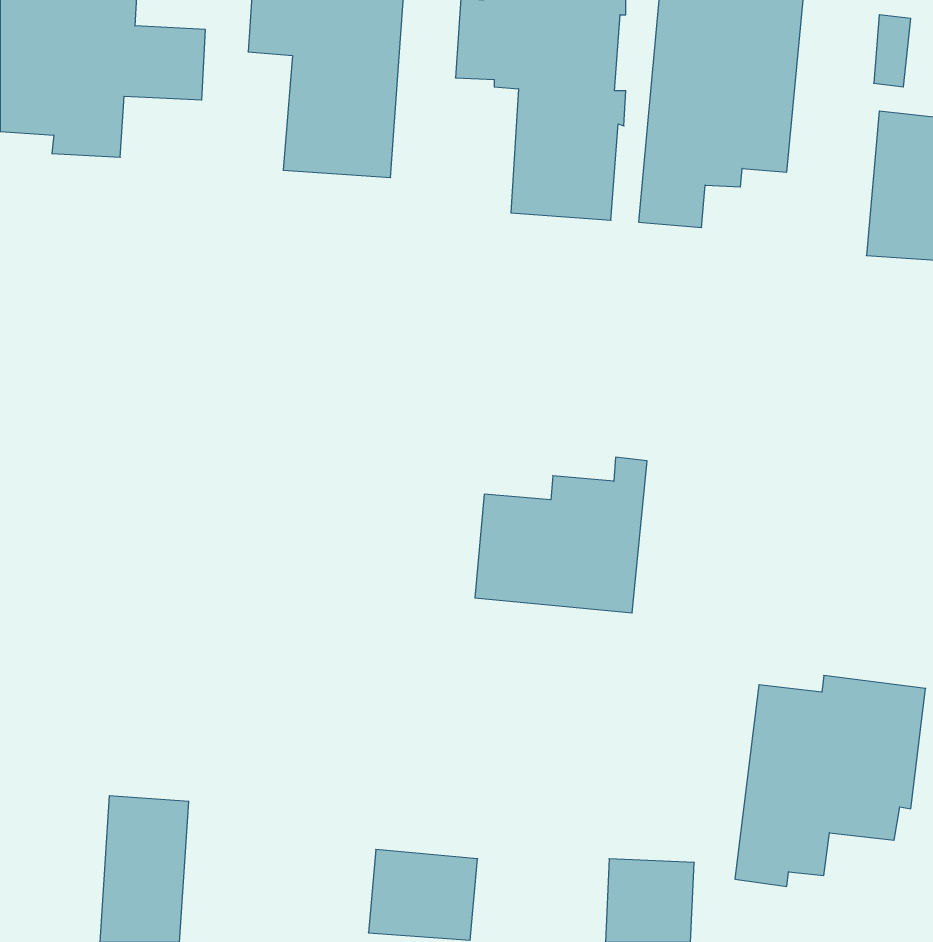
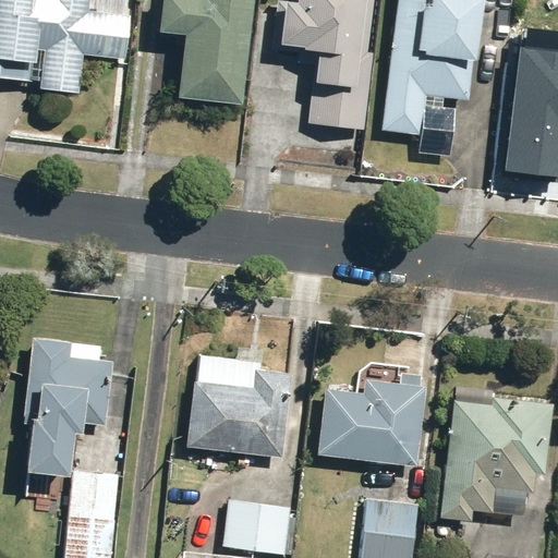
building: [475,457,647,613] -> [320,371,422,462]
building: none -> [20,338,113,477]
building: none -> [186,352,294,460]

